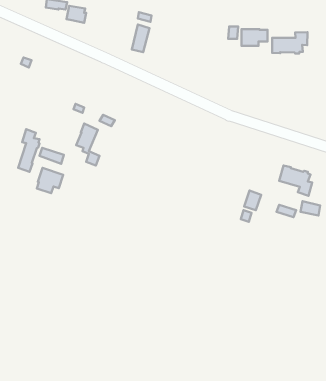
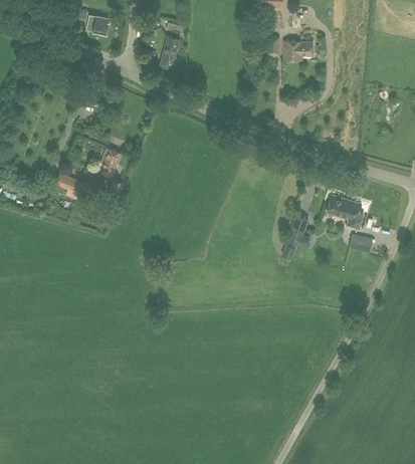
building: [272,32,307,54] -> none
building: [18,129,40,172] -> none
building: [37,168,63,193] -> none

